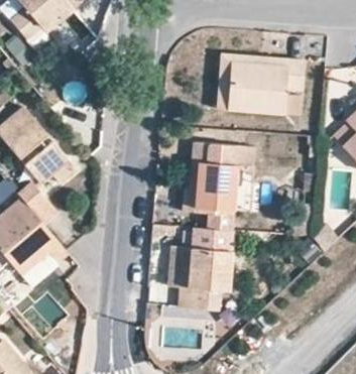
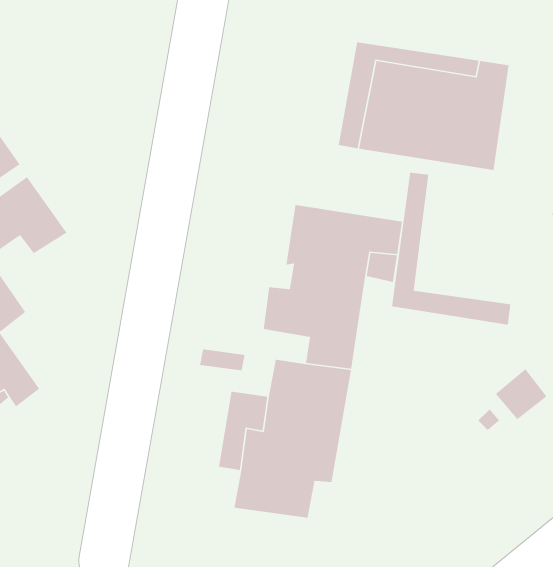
building: none -> [391,172,511,326]

